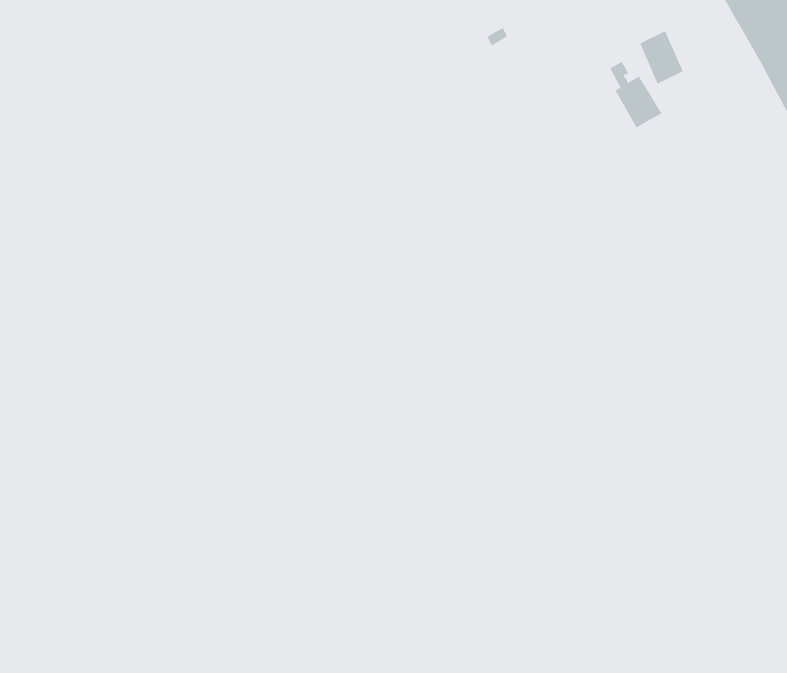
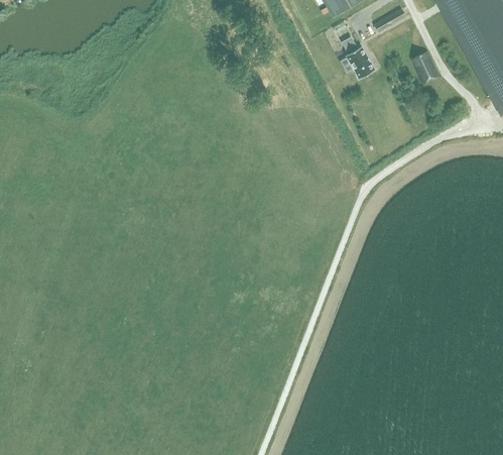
building: [608,60,663,128] -> [342,38,375,80]

